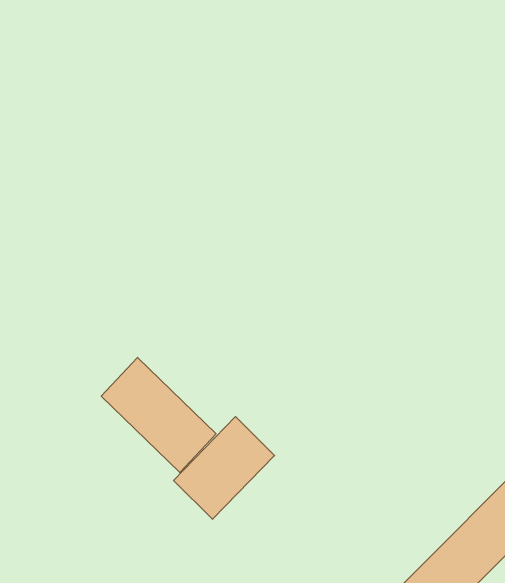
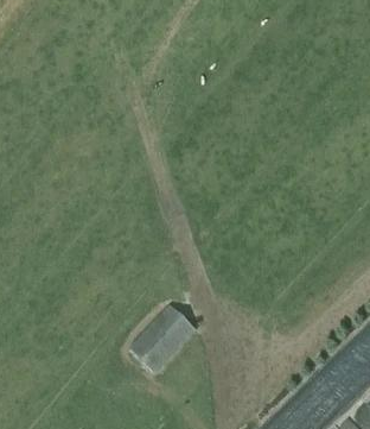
building: [101,357,216,473] -> none

